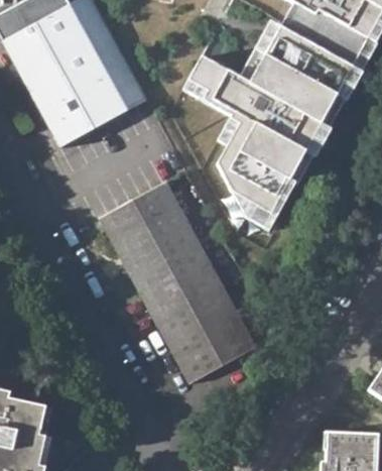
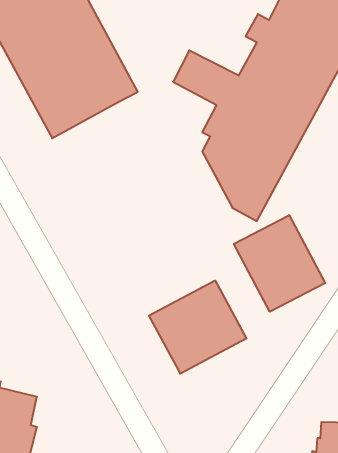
building: [100,182,225,325] -> none
building: none -> [234,215,325,312]

